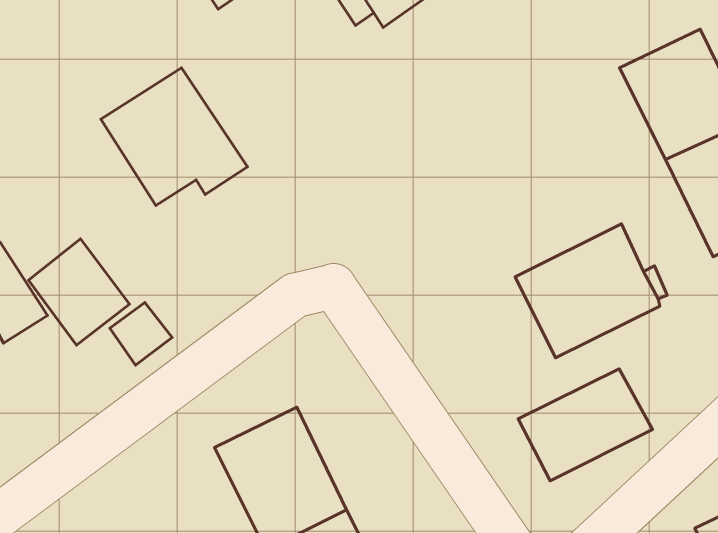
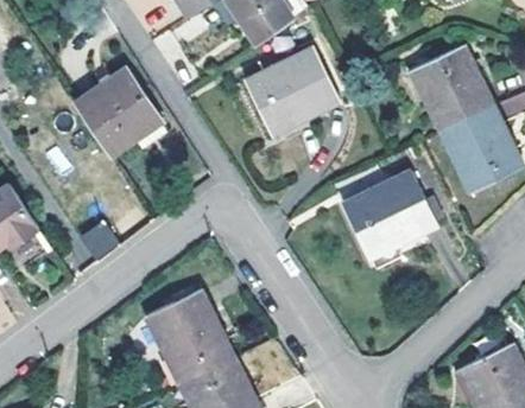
building: none -> [246,45,340,133]
building: [29,239,130,345] -> none
building: [518,369,653,481] -> none

